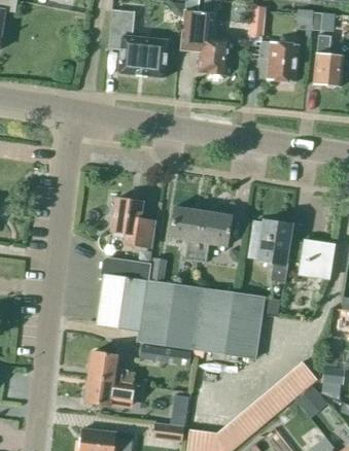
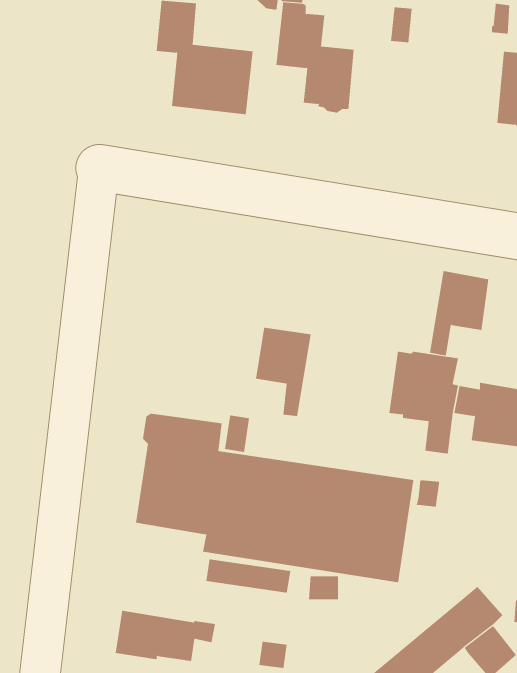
building: [258,40,299,83] -> none
building: [111,198,156,246] -> none
building: [195,210,231,262] -> [429,271,489,356]
building: [89,351,134,383] -> none

